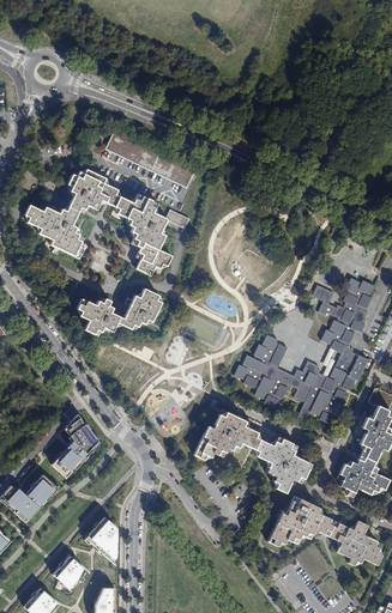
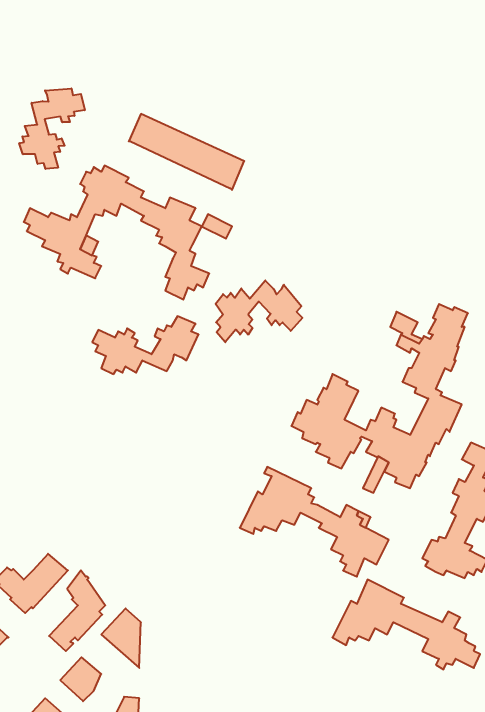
building: none -> [19,88,85,169]
building: none -> [216,280,302,342]
building: [53,414,97,478] -> [49,570,105,651]

